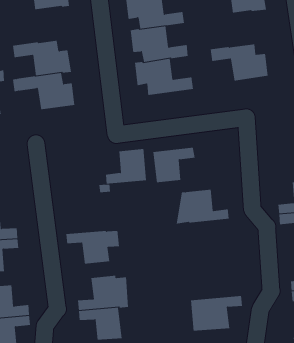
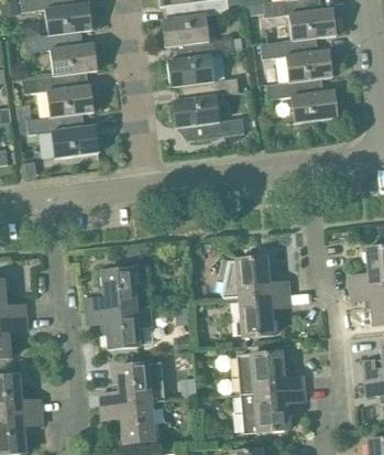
building: none -> [24,31,97,76]
building: none -> [261,36,332,82]
building: [153,147,195,183] -> [239,293,292,337]
building: [105,149,147,184] -> [86,268,138,312]
building: none -> [238,351,305,393]

